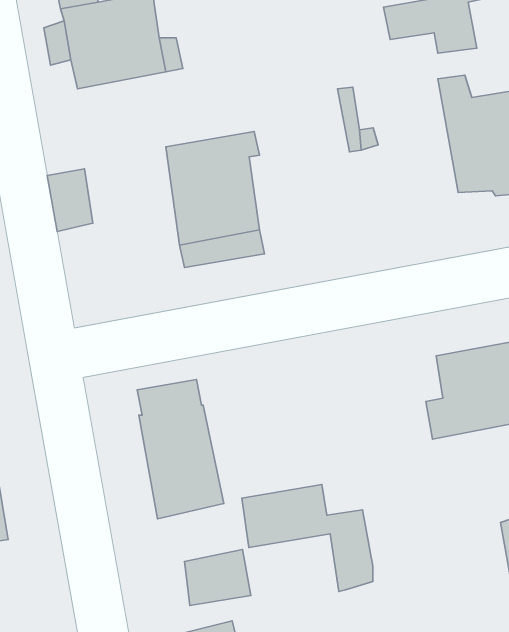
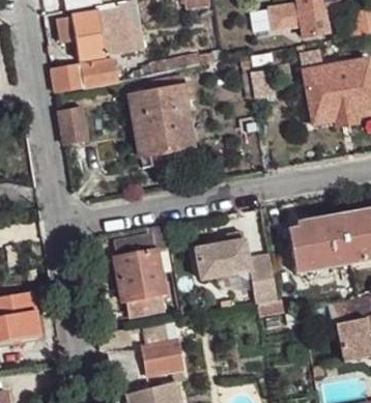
building: none -> [53,60,119,94]
building: [242,485,373,592] -> [194,240,274,306]

